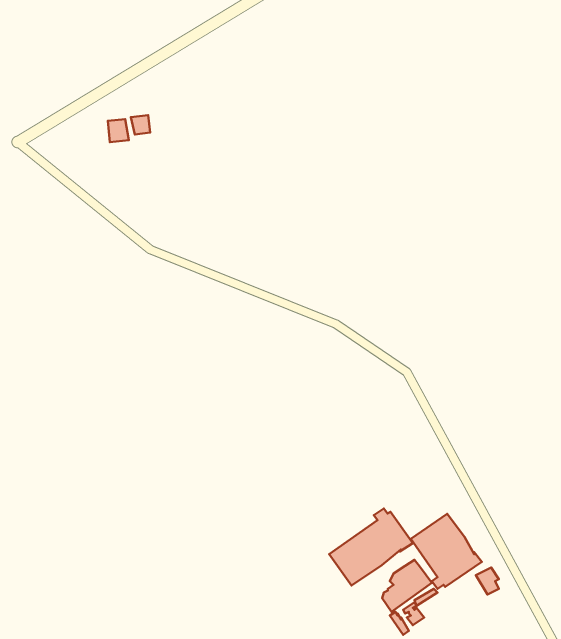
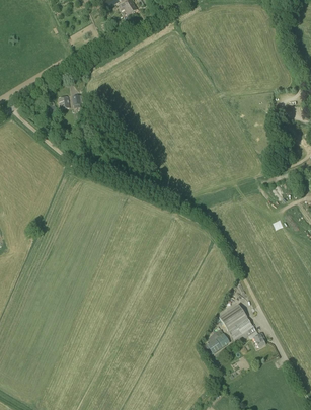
building: [329,508,413,585] -> none

